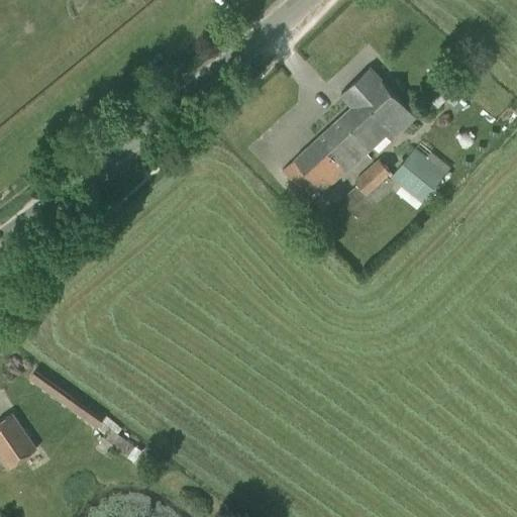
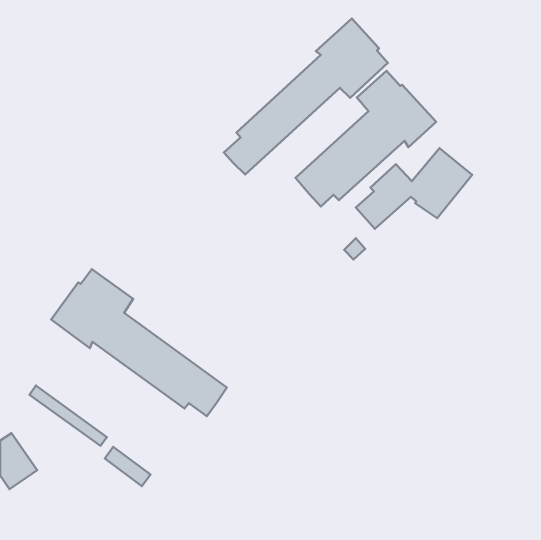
building: none -> [224,19,388,175]
building: none -> [51,269,227,416]

